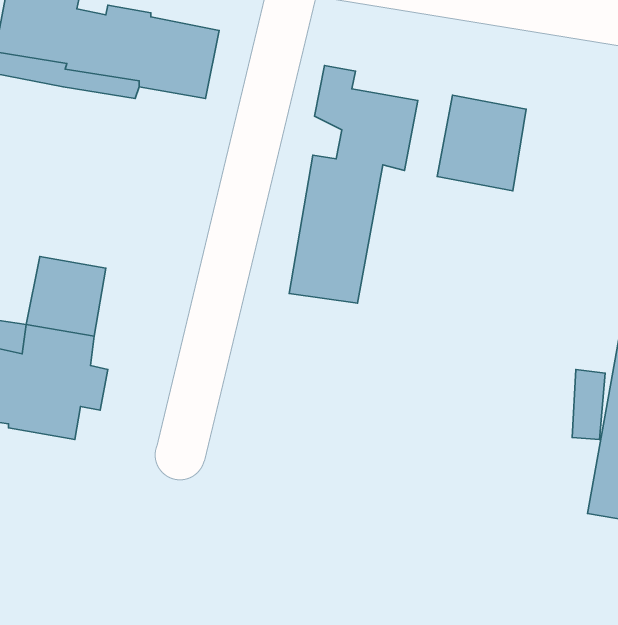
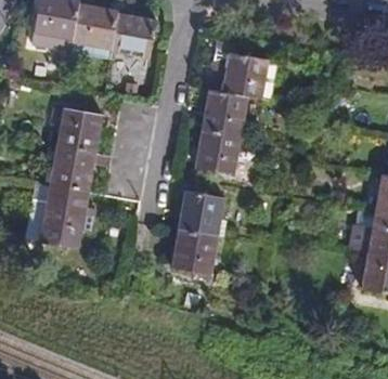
building: [437,95,526,191] -> none
building: none -> [57,106,102,152]
building: none -> [172,190,224,273]

